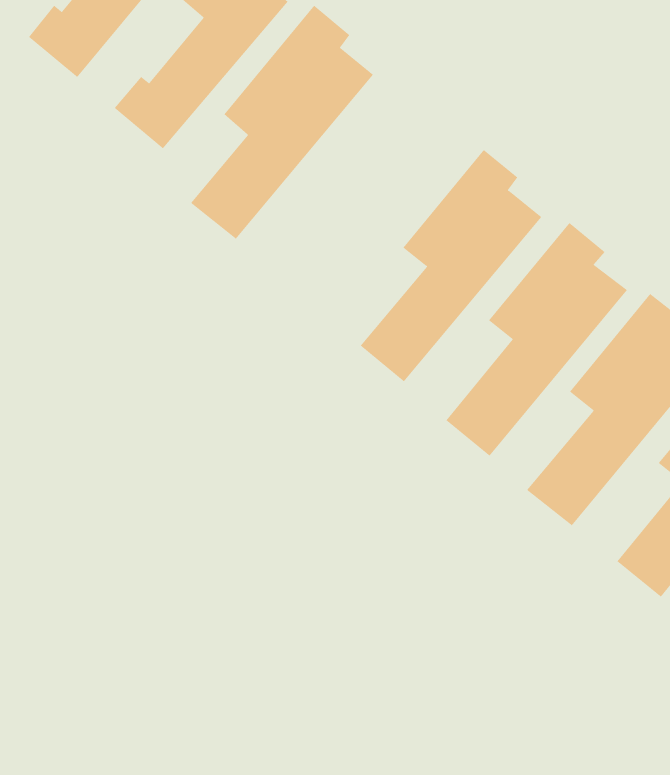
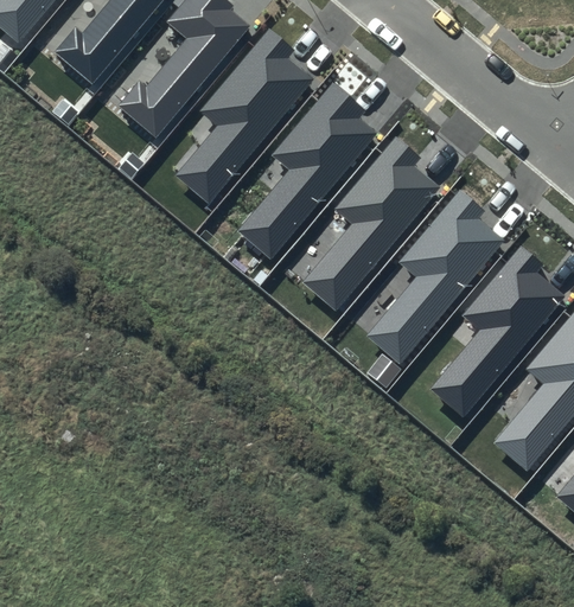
building: none -> [240,83,375,257]

